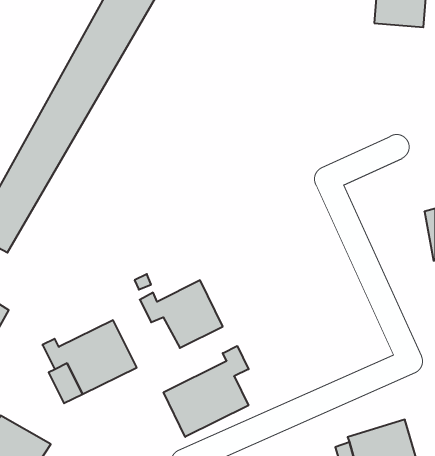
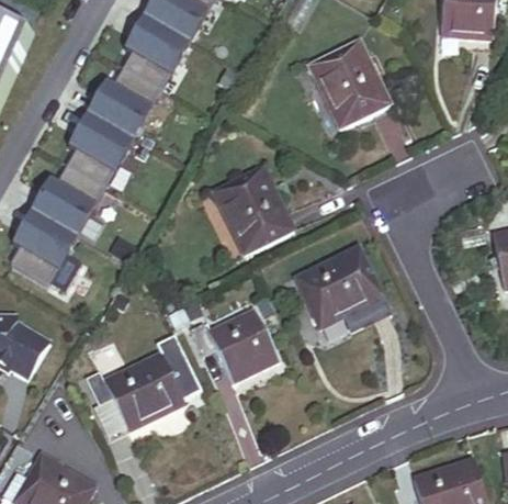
building: none -> [309,42,388,127]
building: none -> [214,168,293,253]
building: none -> [297,248,382,327]
building: [164,346,249,437] -> none

